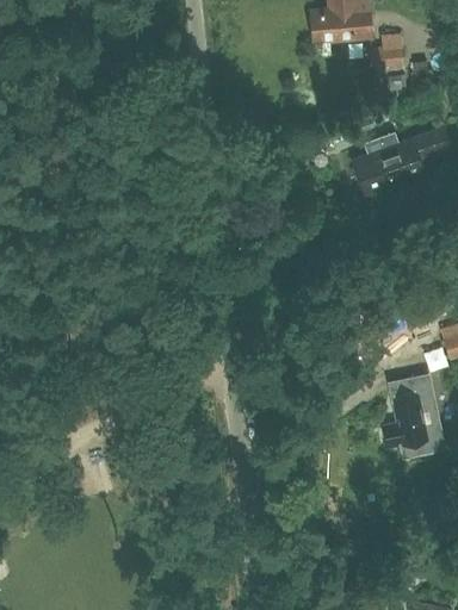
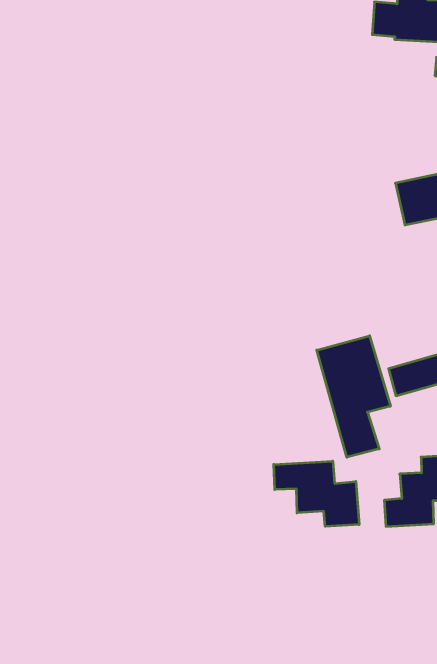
building: none -> [317,336,390,457]
building: none -> [274,461,359,526]

